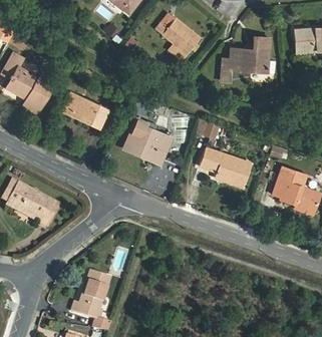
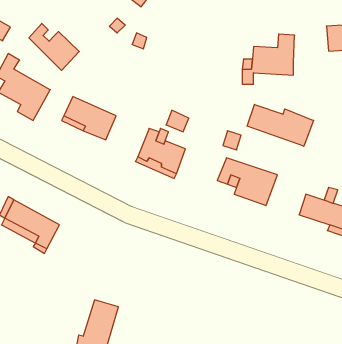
building: [155,11,202,54] -> none
building: none -> [29,23,79,70]
building: none -> [247,104,314,146]

